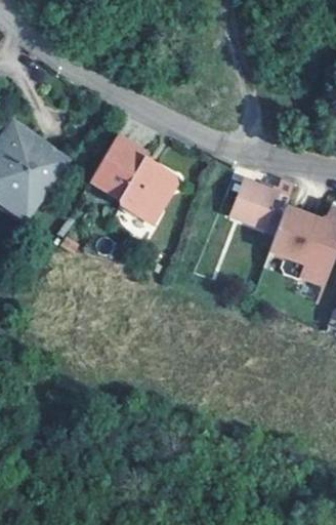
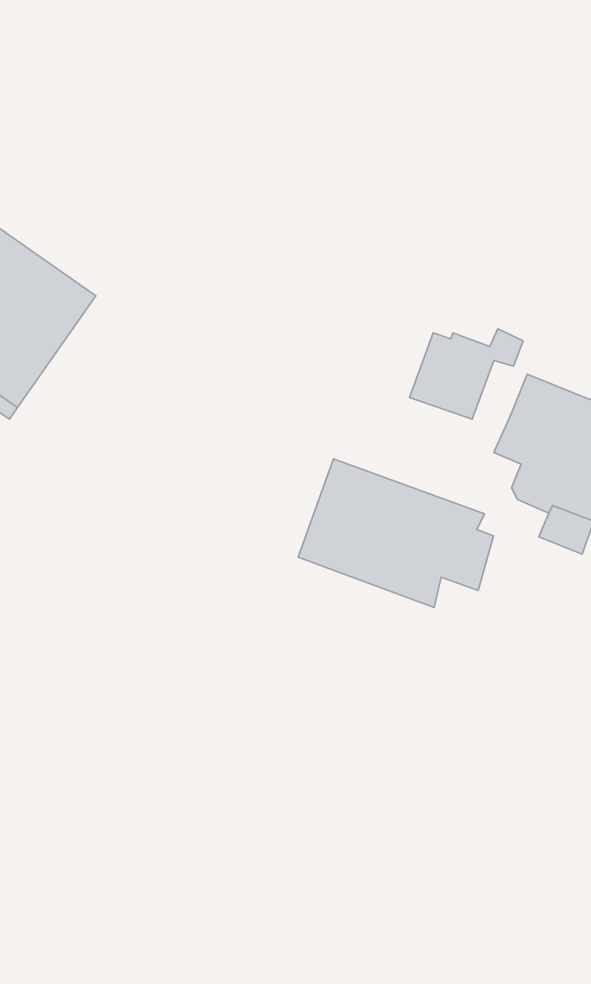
building: [90,133,176,219] -> none
building: none -> [298,459,494,607]

